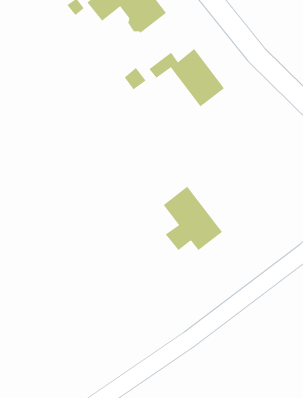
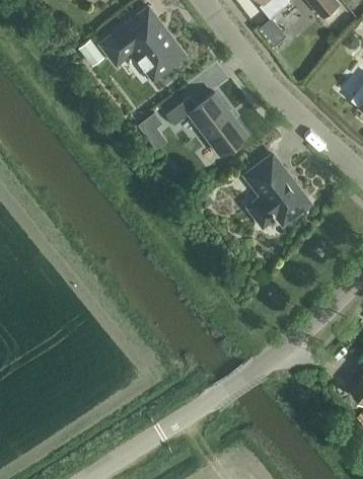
building: [163,186,223,251] -> [245,155,309,224]

